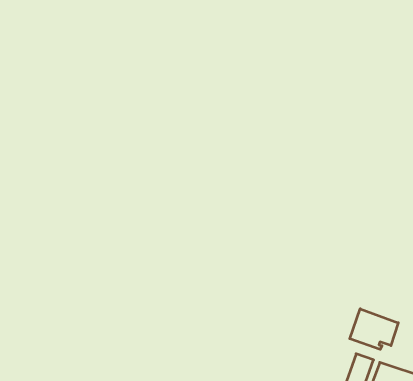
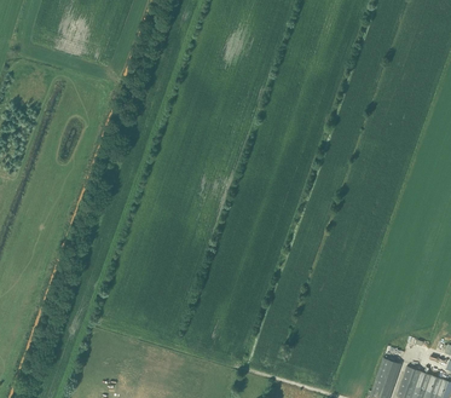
building: [350,309,398,349] -> none

